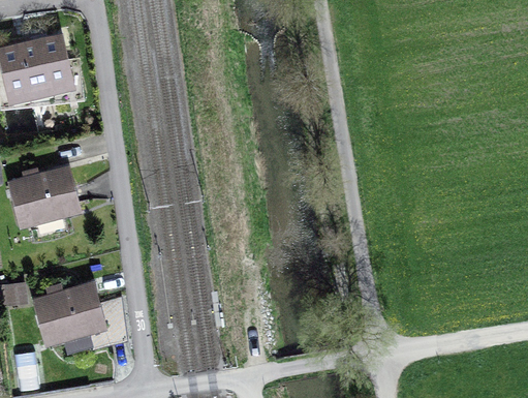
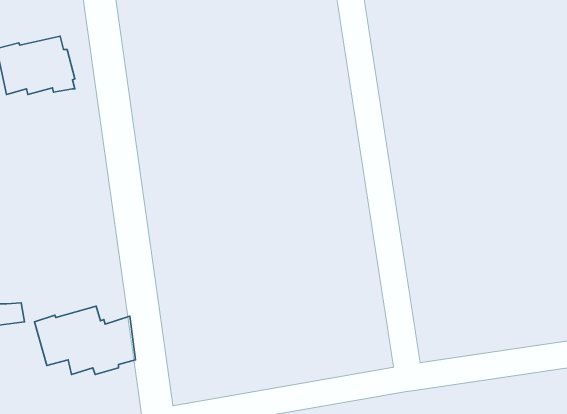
building: [8,172,79,224] -> none

